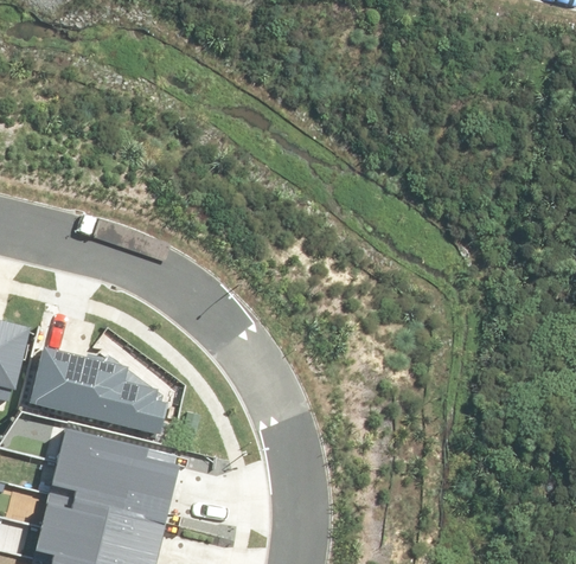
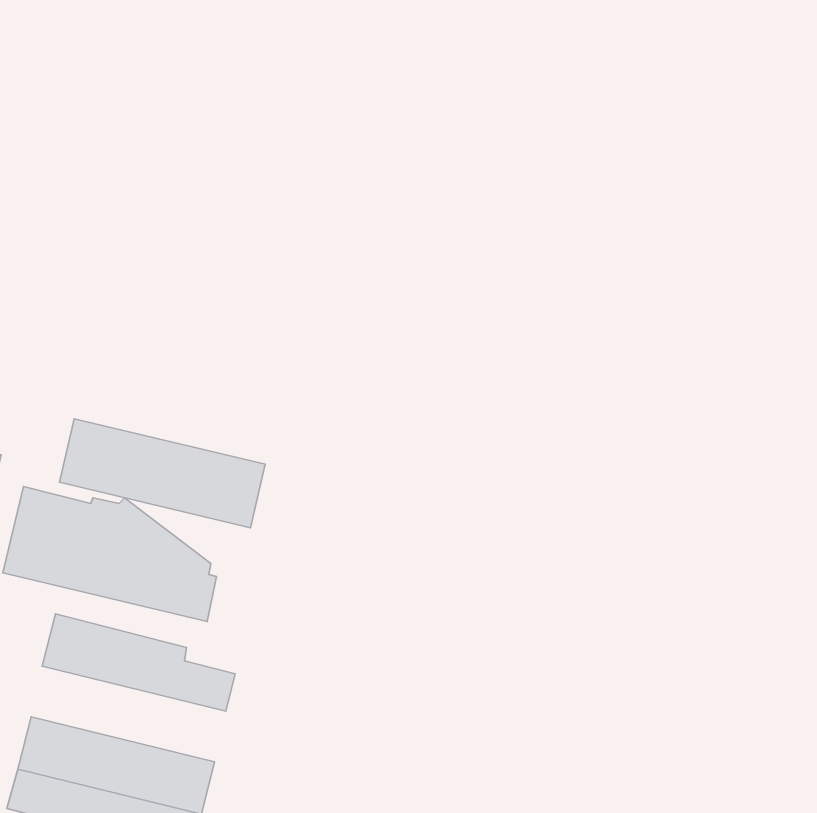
building: none -> [59,419,265,528]
building: [49,461,172,521] -> none

